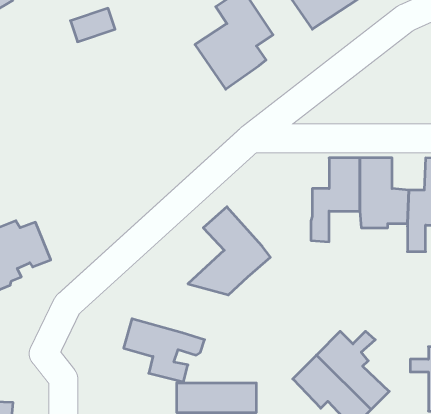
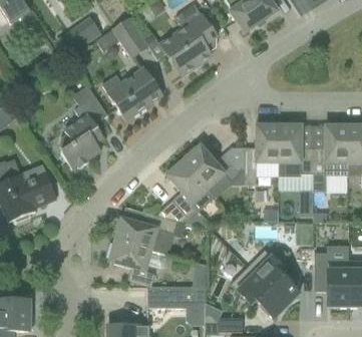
building: none -> [111,17,148,57]
building: none -> [102,67,162,119]
building: none -> [60,84,108,168]
building: none -> [184,144,245,188]
building: none -> [115,212,185,250]

